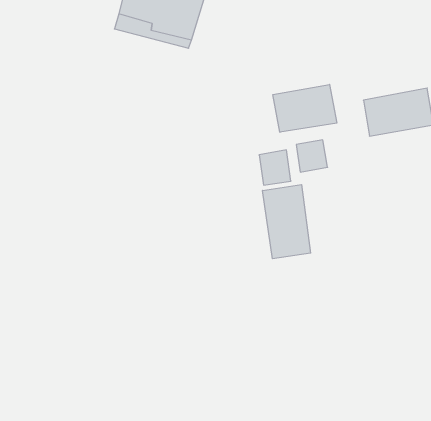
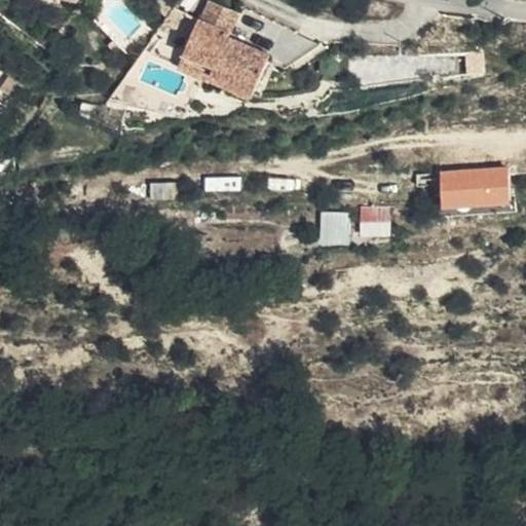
building: [273,84,337,132] -> none
building: [263,185,311,259] -> none

